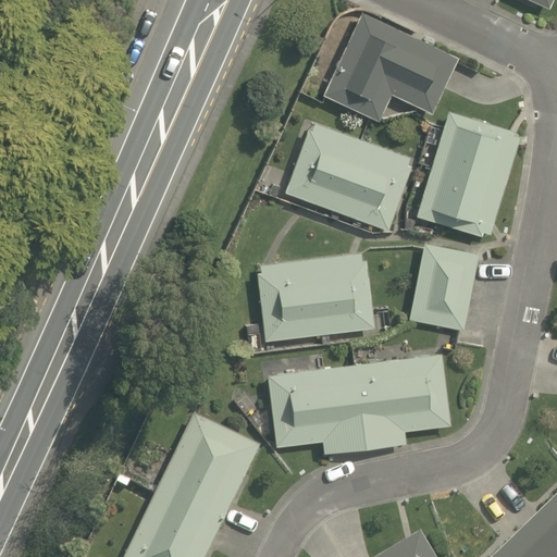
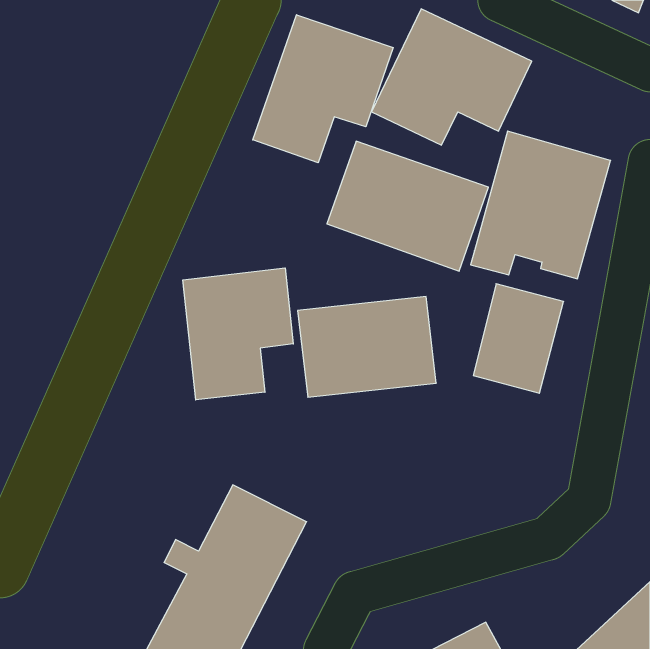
building: none -> [253,15,393,163]
building: none -> [183,268,293,400]
building: [269,346,447,461] -> none

